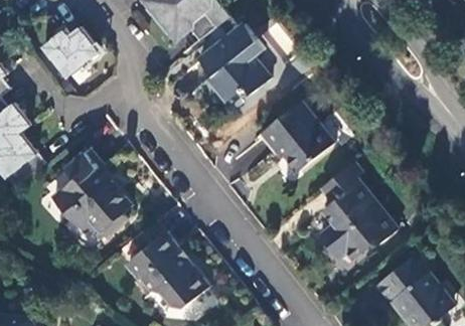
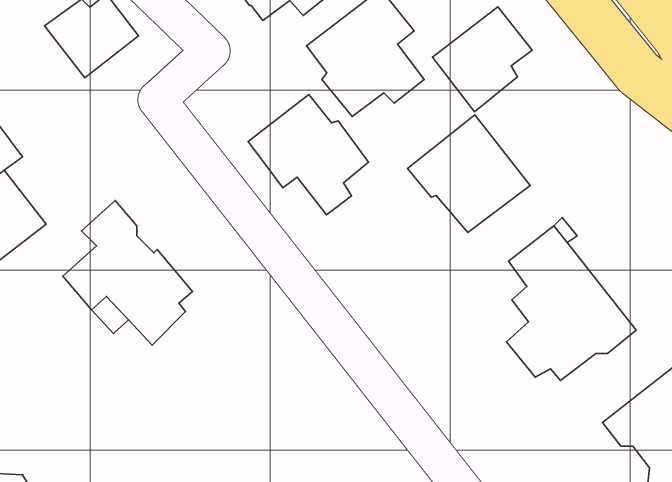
building: none -> [432,7,532,112]
building: none -> [248,95,369,215]
building: [127,220,210,308] -> none

